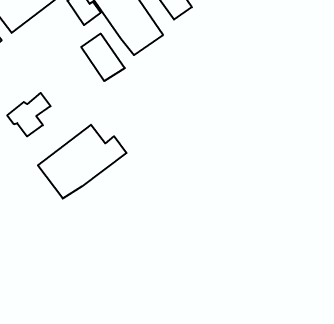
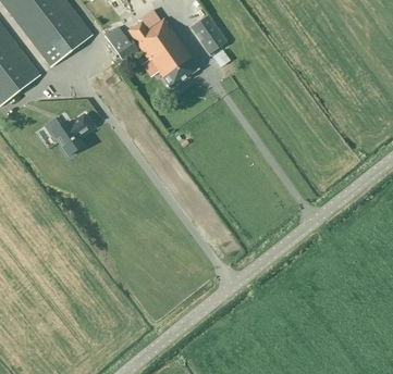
building: [81,34,125,81] -> none
building: [38,125,127,199] -> none

